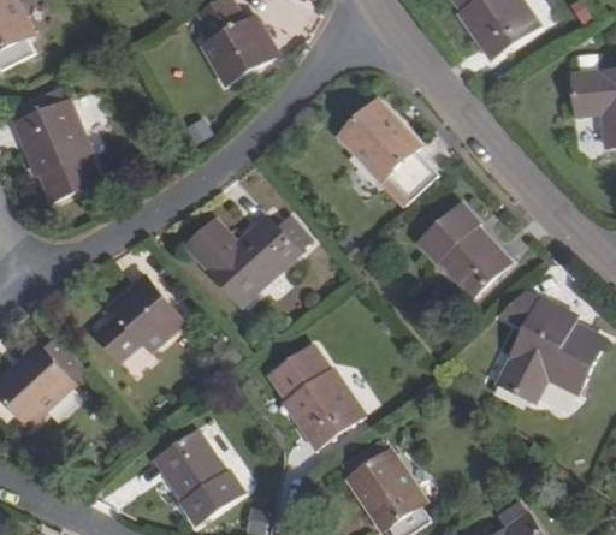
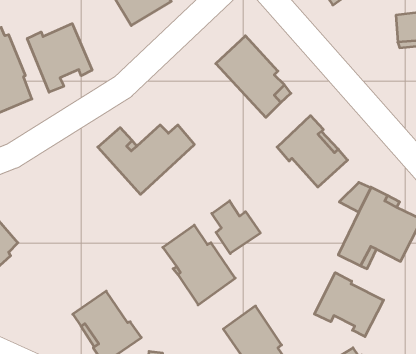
building: none -> [27,24,92,92]
building: [95,275,184,362] -> none
building: none -> [212,201,260,254]
building: none -> [314,273,384,337]

